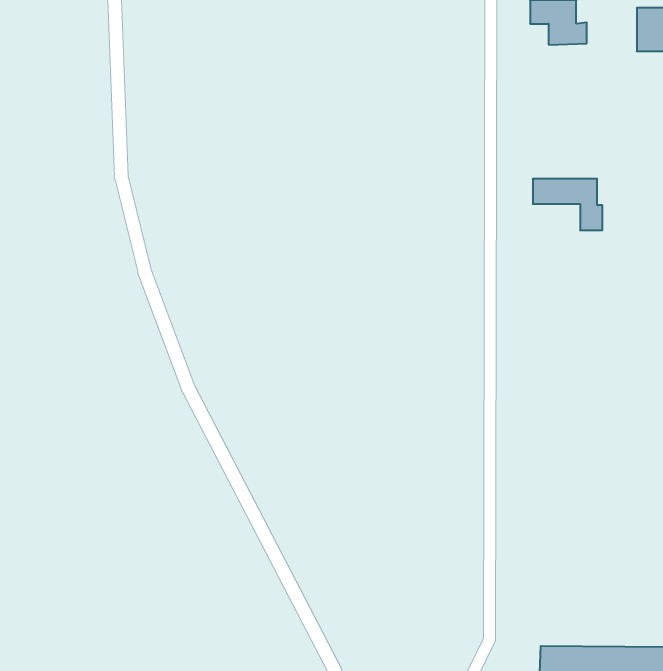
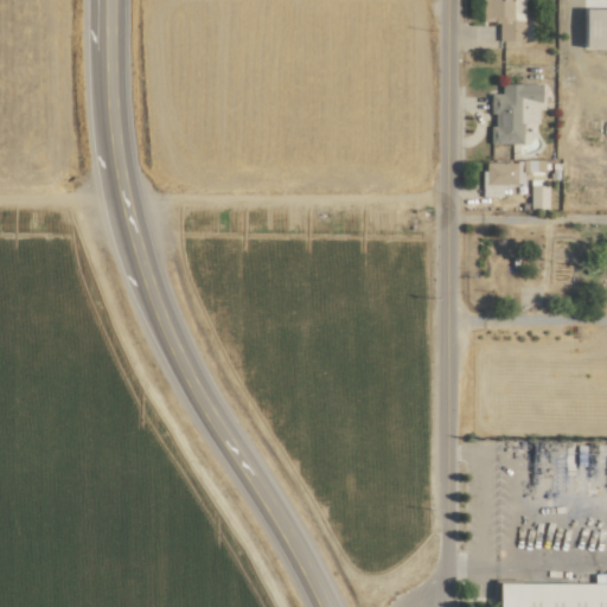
building: none -> [492,84,548,143]

